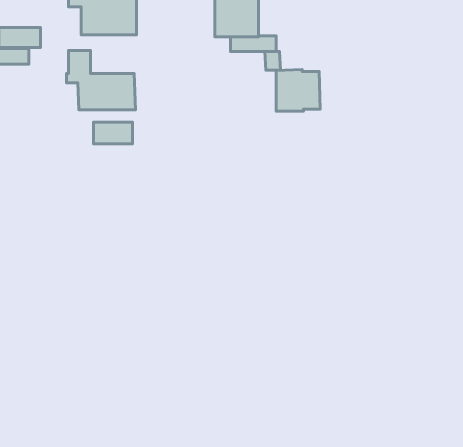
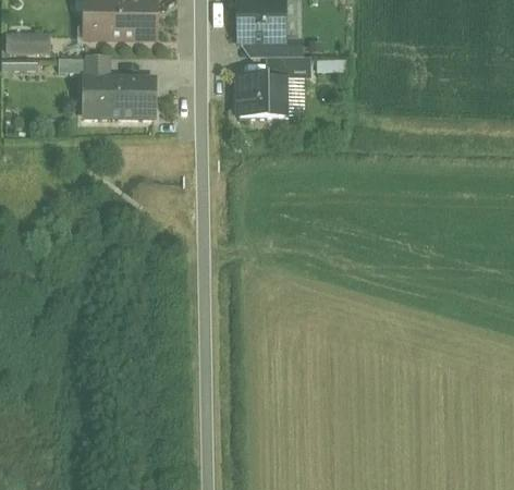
building: [276,69,320,111] -> [236,73,282,117]
building: [93,122,133,144] -> none

